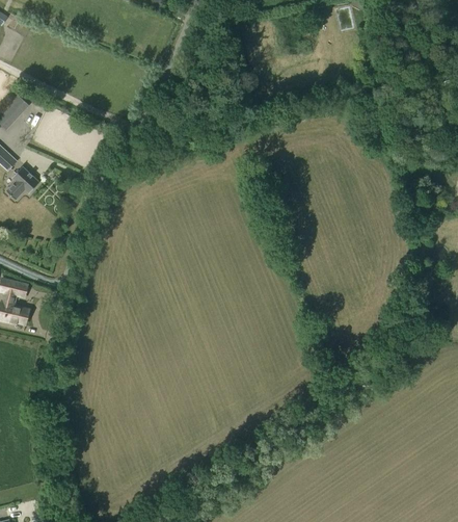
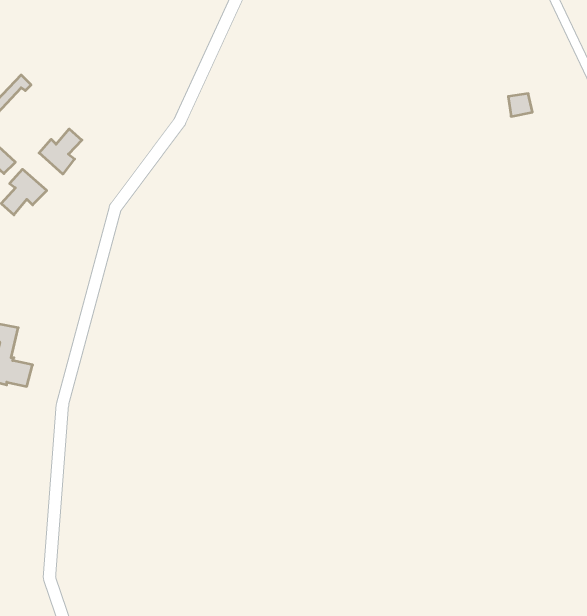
building: none -> [39,129,82,174]

